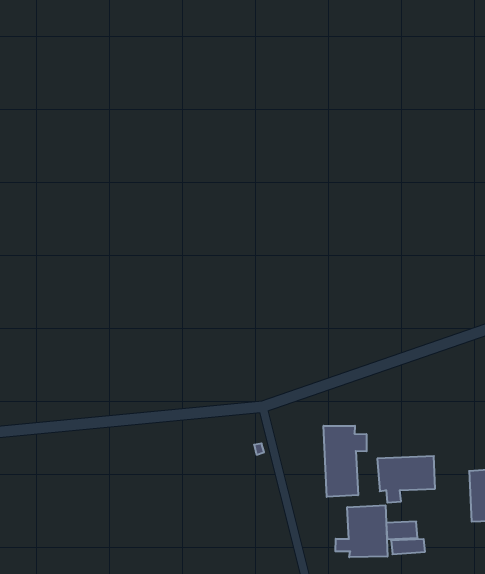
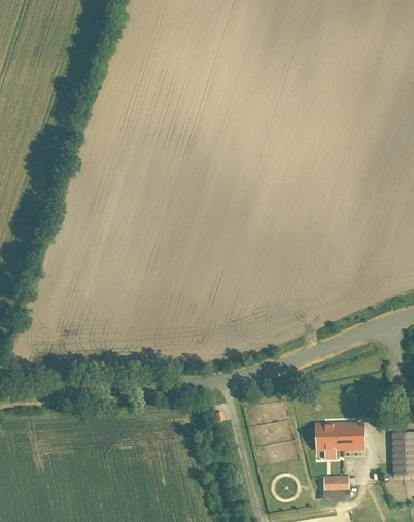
building: [324,426,367,497] -> none
building: [335,505,387,557] -> none

